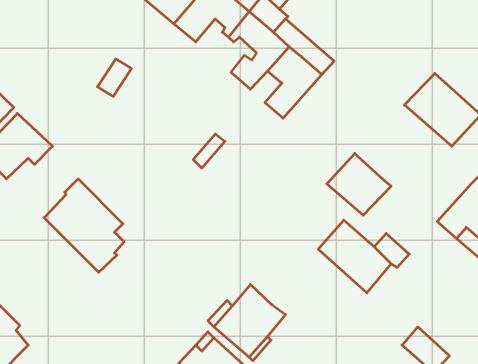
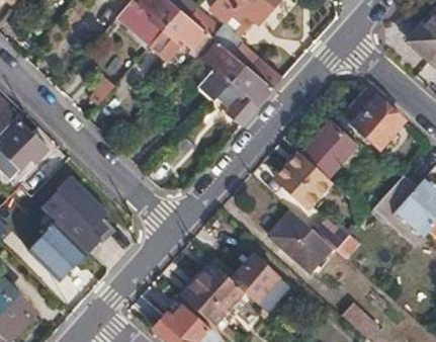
building: none -> [302,122,356,176]
building: none -> [29,223,85,278]
building: none -> [232,256,283,311]

